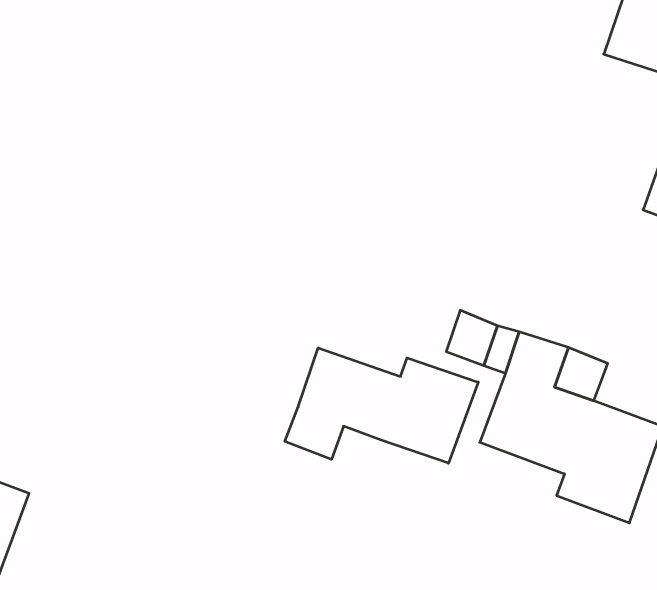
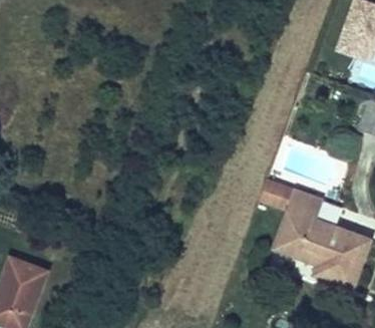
building: [285,348,478,463] -> none

